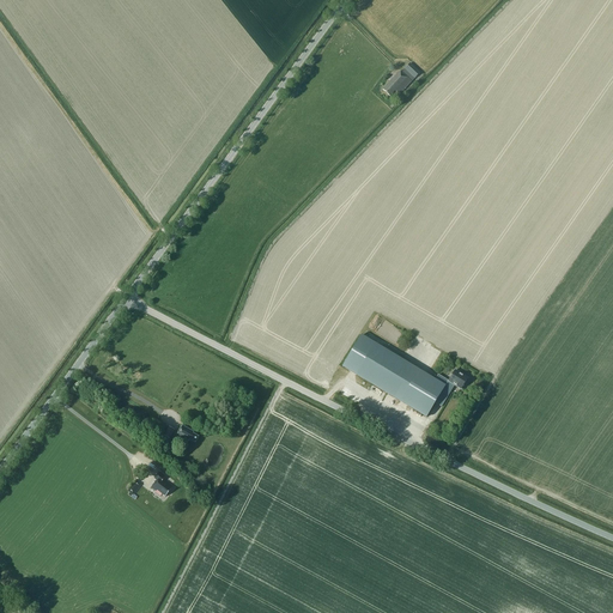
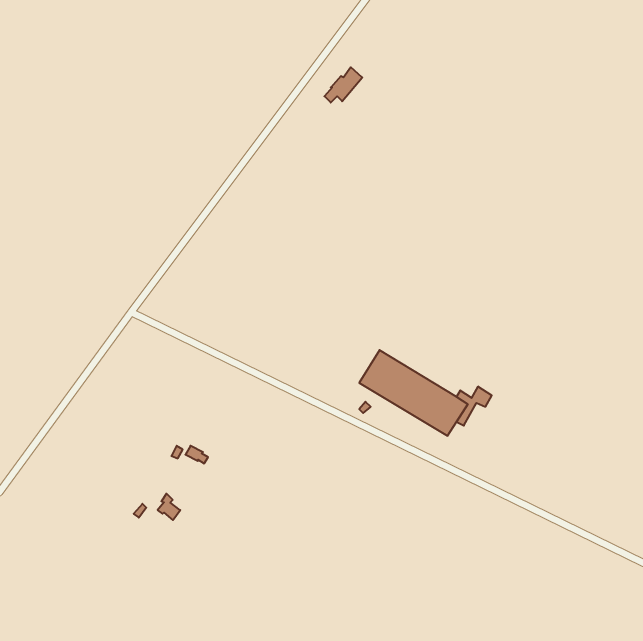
building: [383,60,419,93] -> [324,67,362,103]

